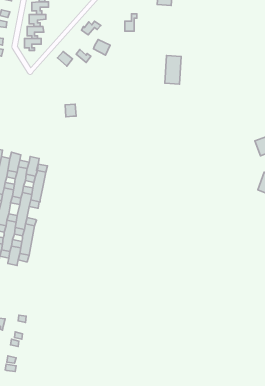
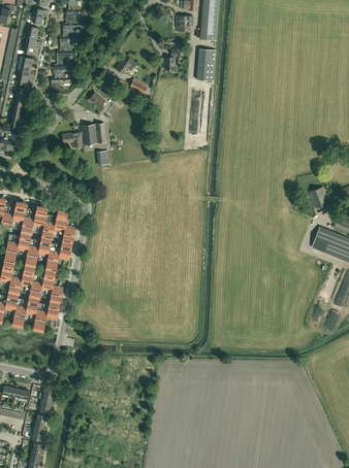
building: [165,56,181,84] -> [197,48,216,80]
building: none -> [62,123,106,145]

